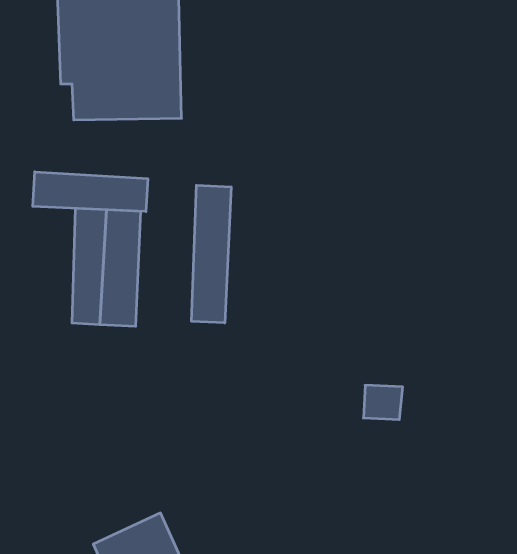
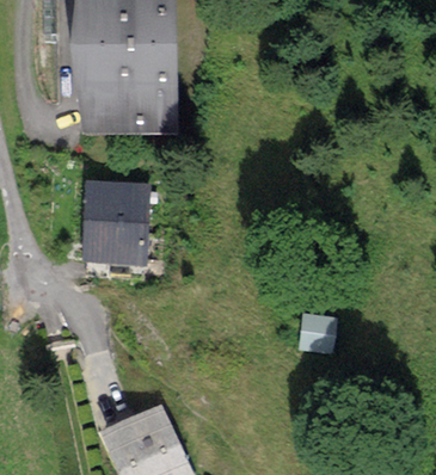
building: [33,172,148,212] -> none
building: [192,185,231,323] -> none

